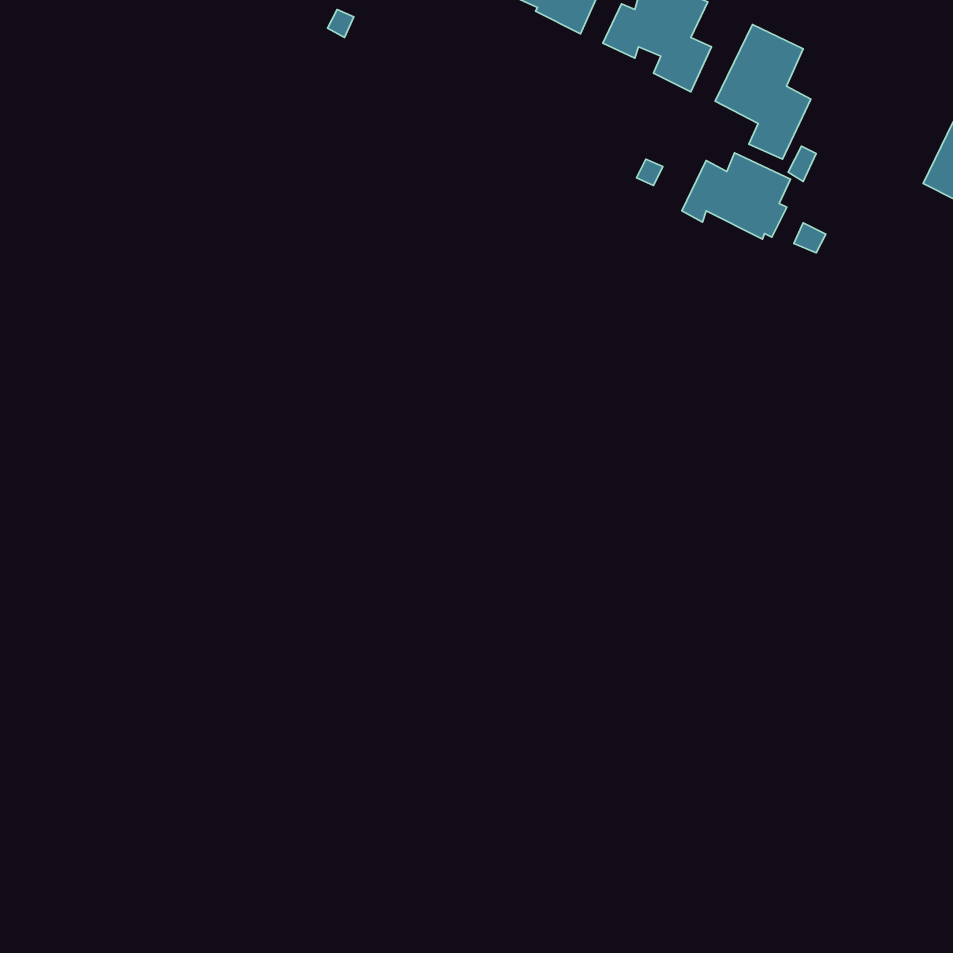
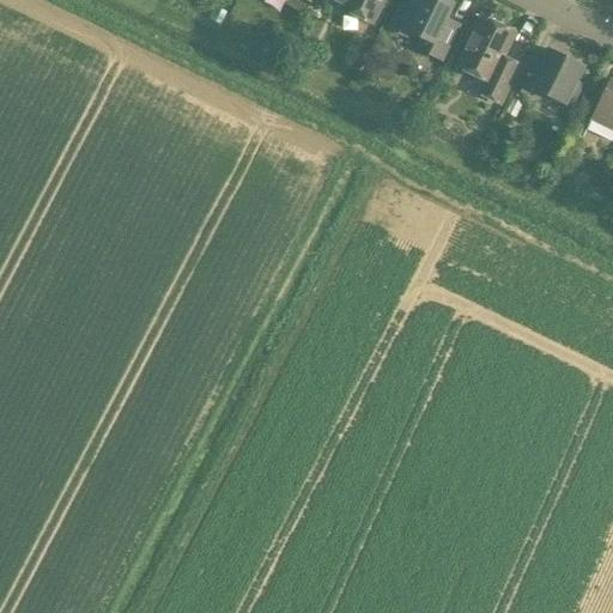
building: [682,153,791,239] -> [516,48,585,103]

